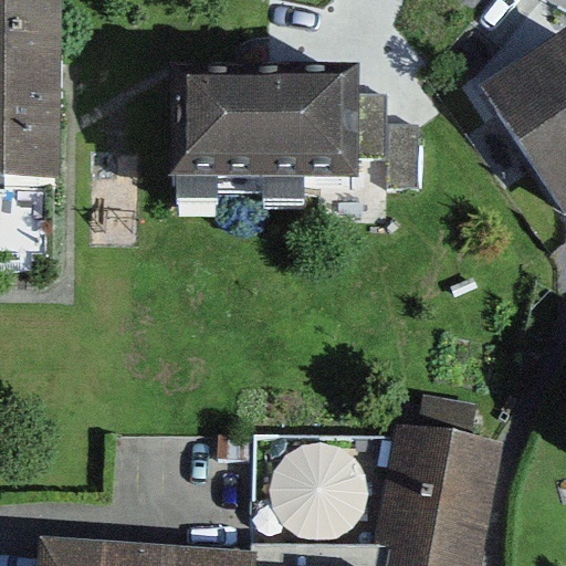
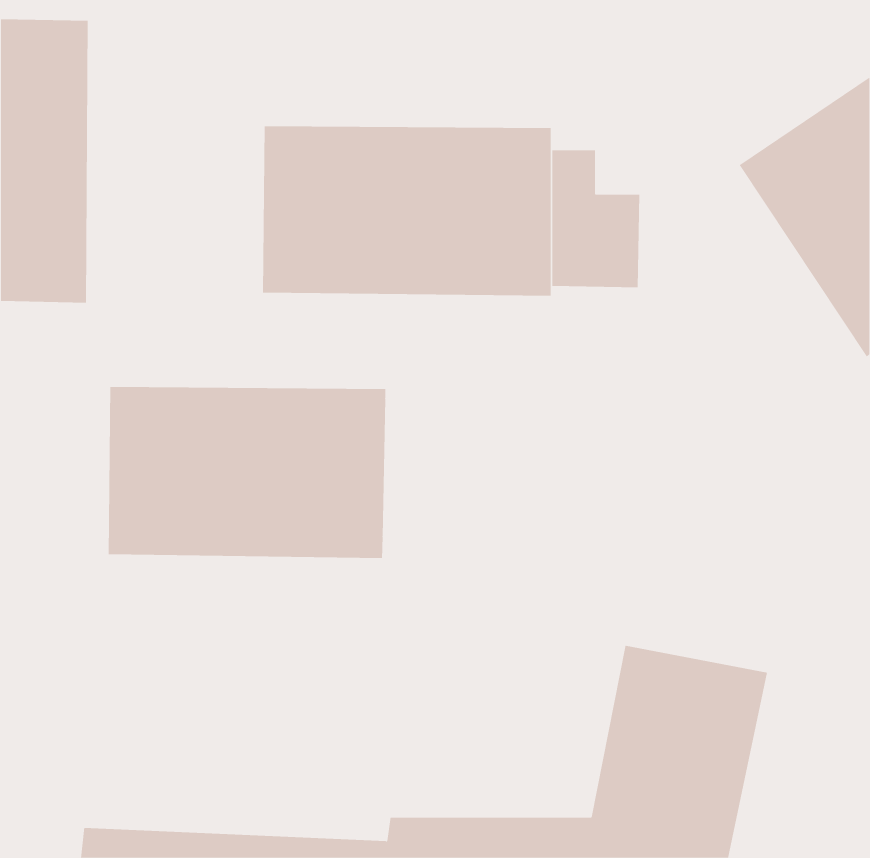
building: none -> [108,386,386,559]
building: [274,434,373,527] -> none

